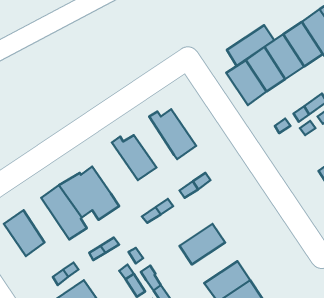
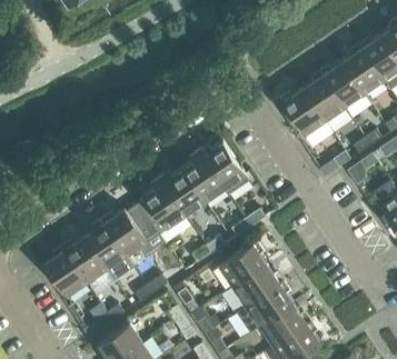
building: [227,25,274,66] -> none
building: none -> [182,149,226,203]
building: none -> [138,177,187,231]
building: none -> [64,236,113,283]
building: none -> [218,242,267,287]
building: none -> [236,283,294,332]

